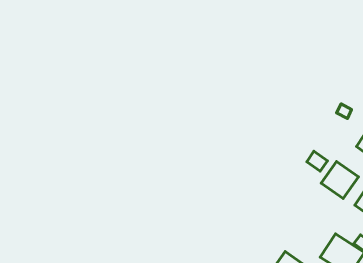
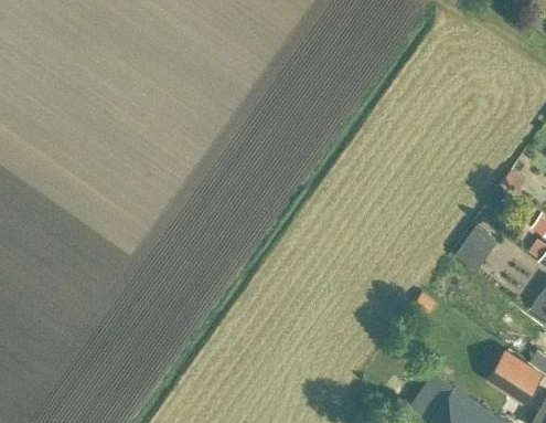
building: [321,161,359,198] -> none

